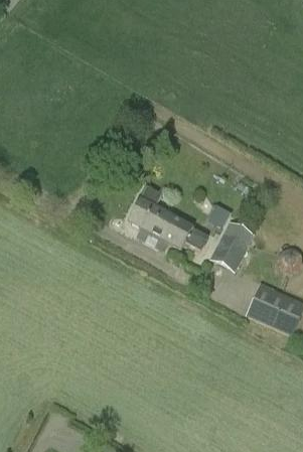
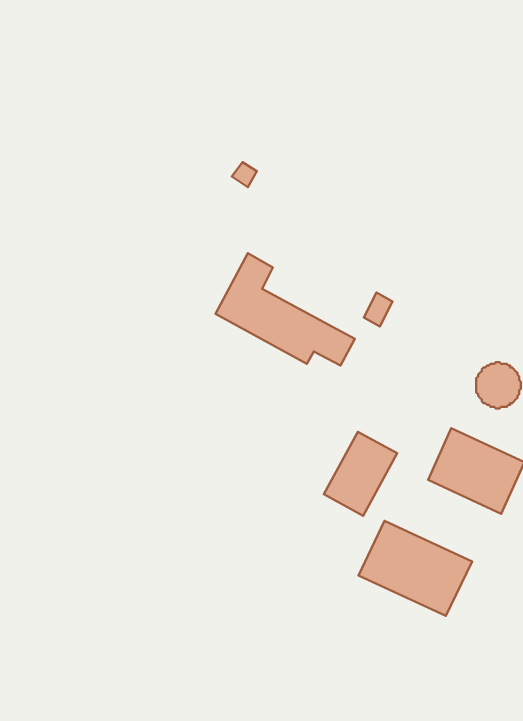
building: [211,222,253,270] -> [324,432,397,516]
building: none -> [358,521,472,616]

